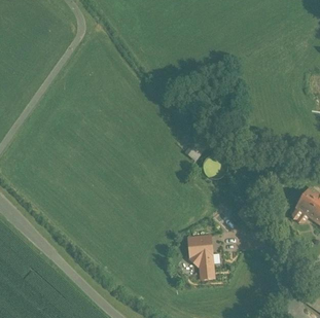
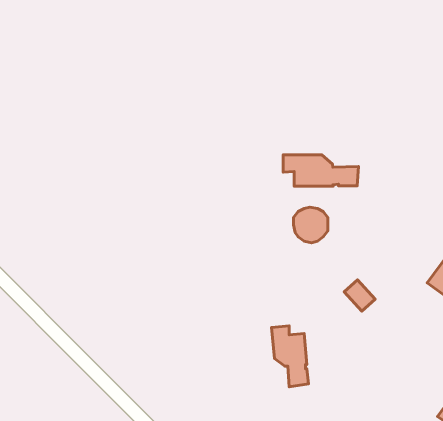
building: none -> [283,155,359,186]

